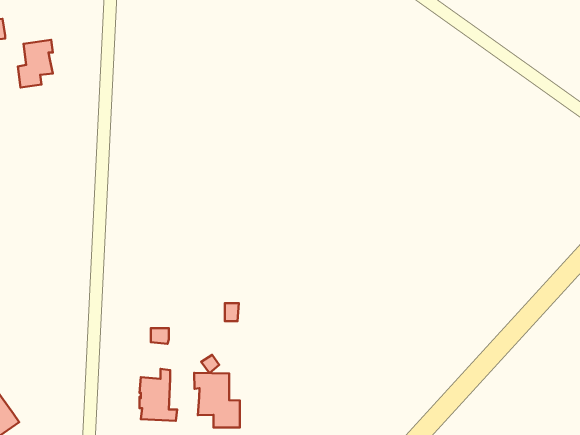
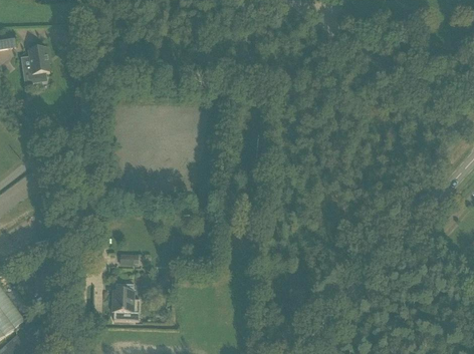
building: [194,373,240,427] -> none

